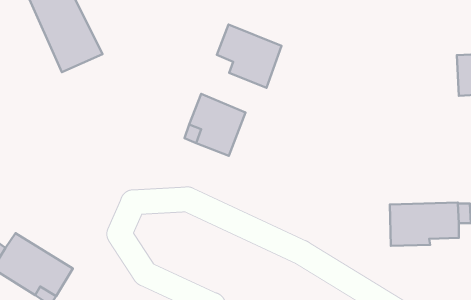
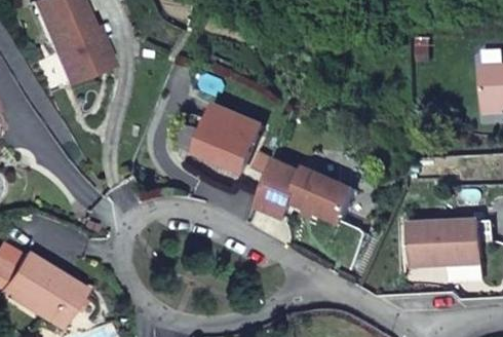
building: [217,25,281,88] -> none
building: none -> [257,157,360,224]

